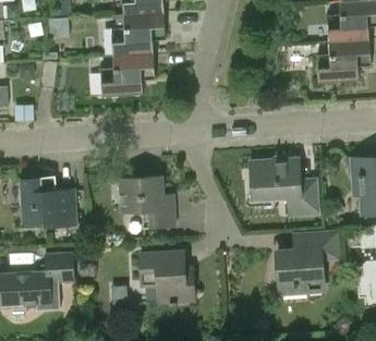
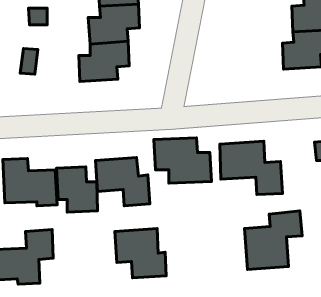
building: none -> [154,138,211,183]
building: none -> [56,167,98,212]

